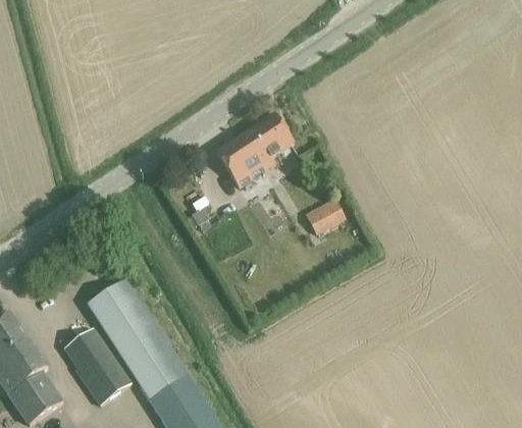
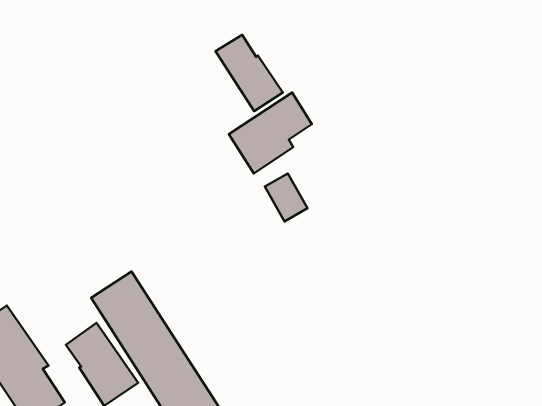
building: none -> [215,35,283,111]
building: [304,198,345,235] -> none

